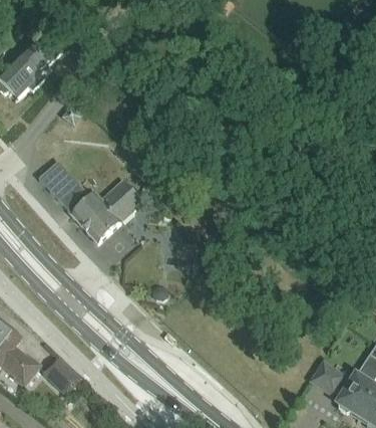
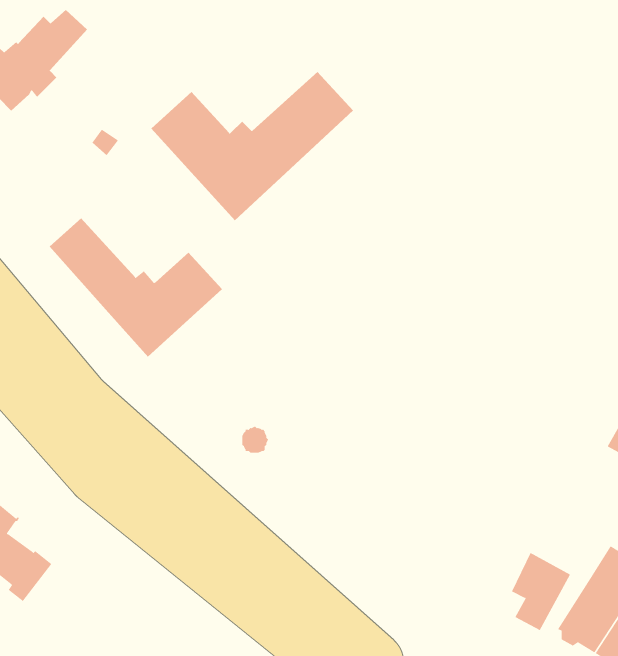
building: none -> [150,71,354,221]
building: [44,358,79,392] -> none

